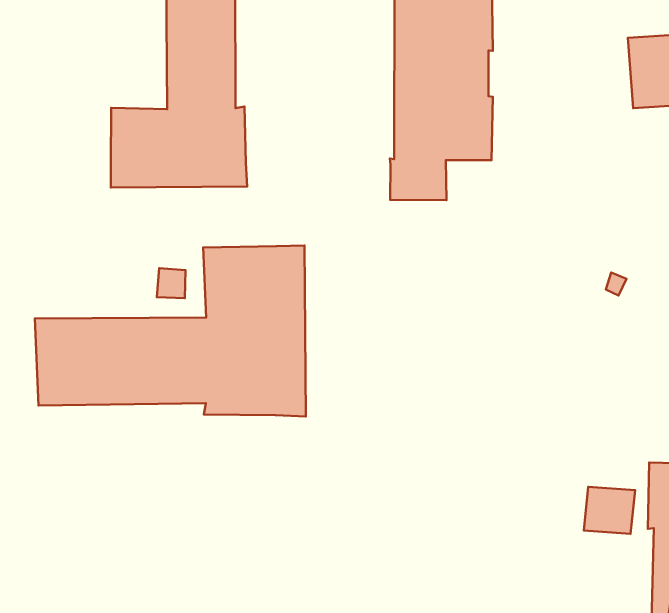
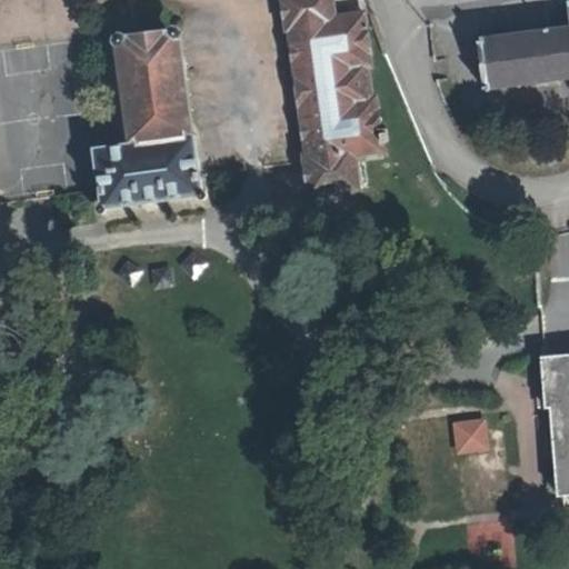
building: [35,246,306,416] -> none
building: [584,487,635,534] -> [448,413,485,449]

